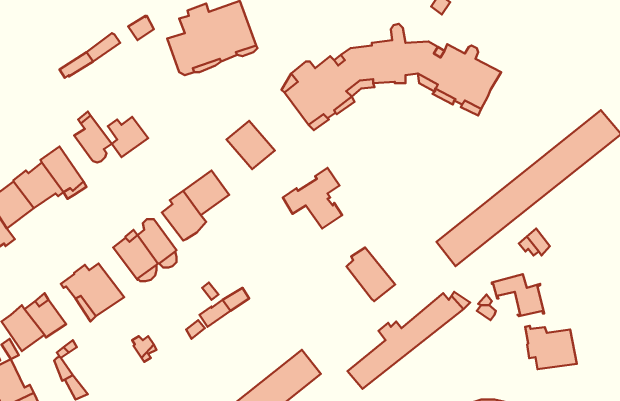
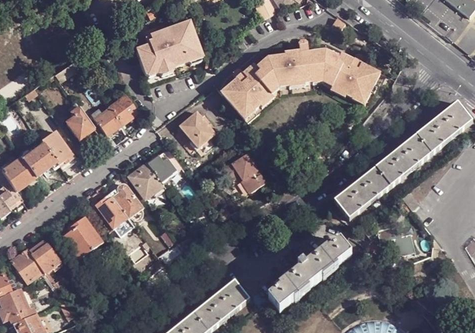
building: none -> [109,93,137,123]
building: [347,248,395,301] -> none
building: [525,326,577,369] -> none

